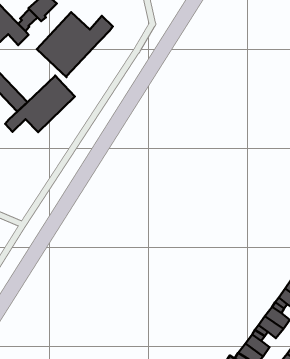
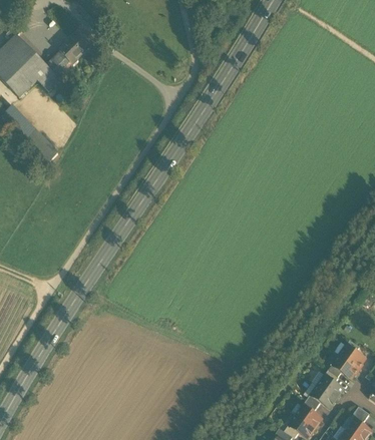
building: [37,12,113,77] -> none
building: [5,75,75,132] -> none

